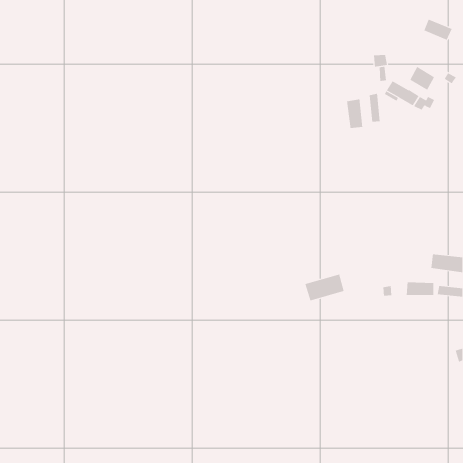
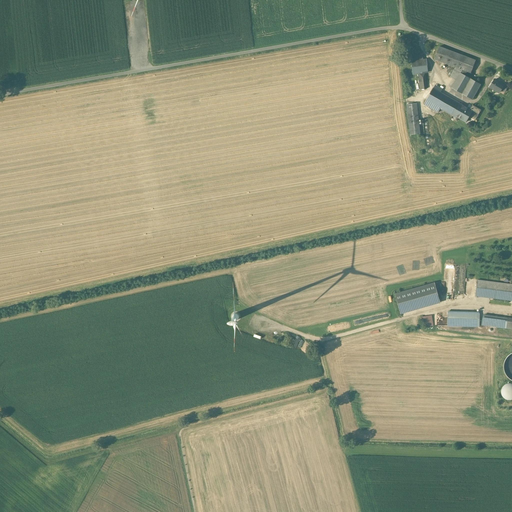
building: [424,19,453,40] -> [435,46,467,70]
building: [347,99,363,129] -> none
building: [305,274,344,301] -> [395,283,439,313]

